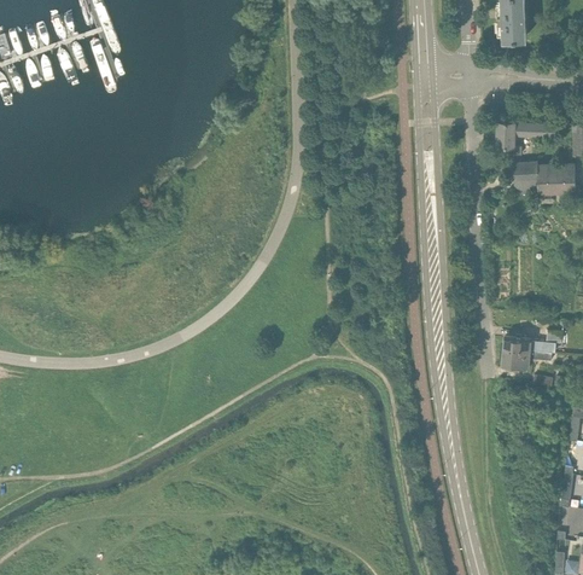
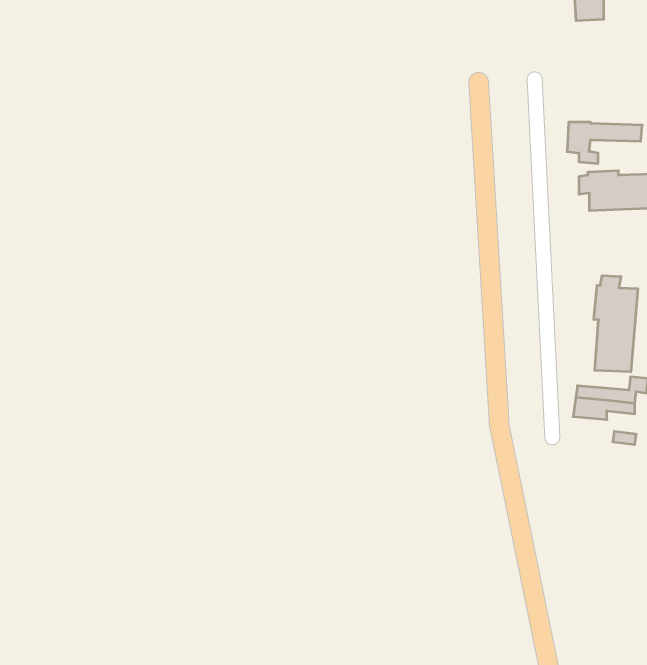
building: none -> [594,276,638,372]

